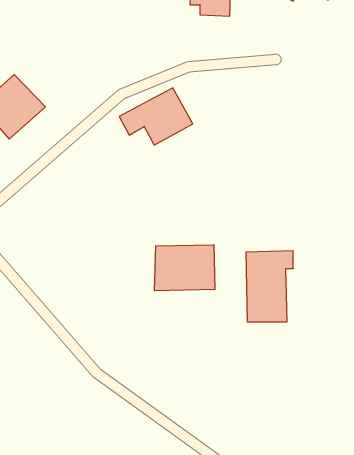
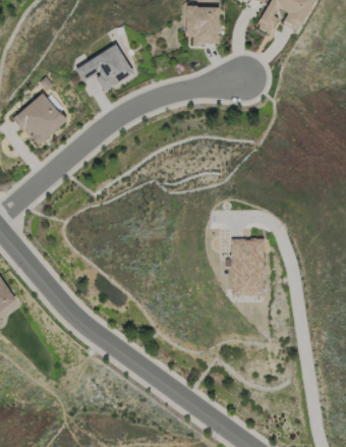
building: [119,88,193,145] -> [74,43,134,90]
building: [155,245,215,291] -> none

